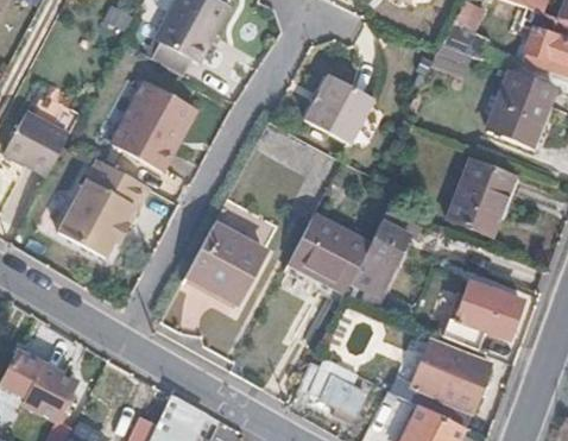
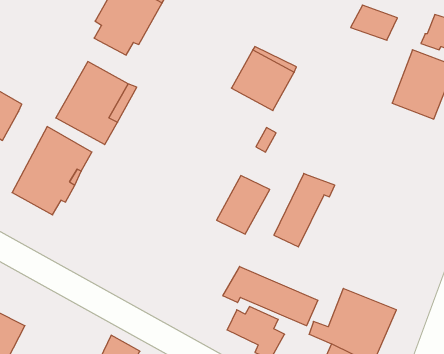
building: [449,157,522,234] -> none
building: [185,222,263,298] -> none
building: [450,285,519,345] -> none
building: none -> [223,266,318,326]

